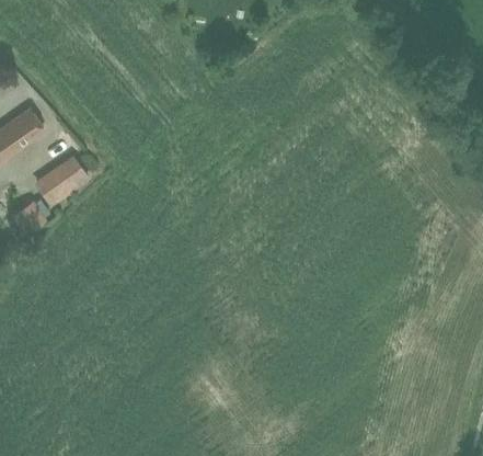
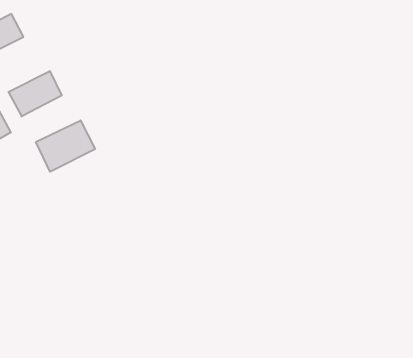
building: none -> [36,120,95,172]

